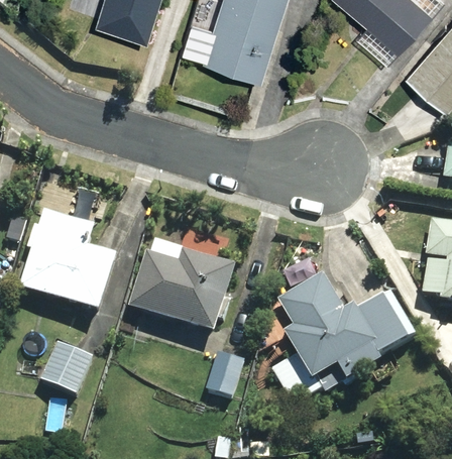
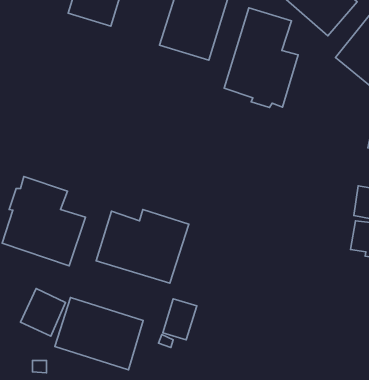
building: none -> [224,8,298,107]
building: [274,271,417,399] -> none
building: none -> [55,298,143,370]

